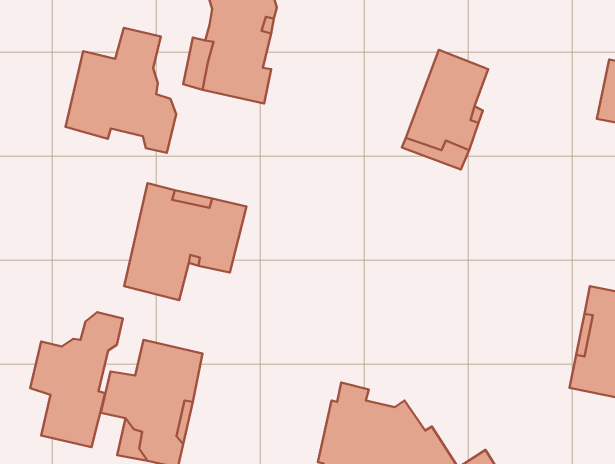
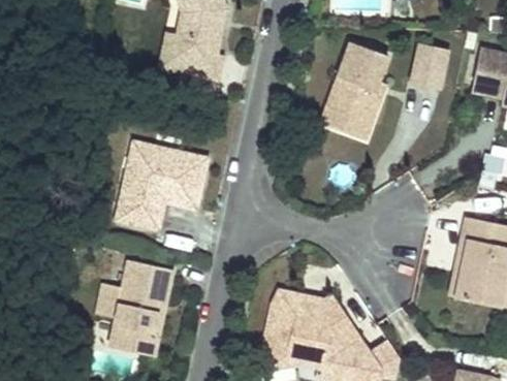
building: [65,28,176,153] -> none
building: none -> [412,44,448,86]
building: [30,312,123,447] -> none

